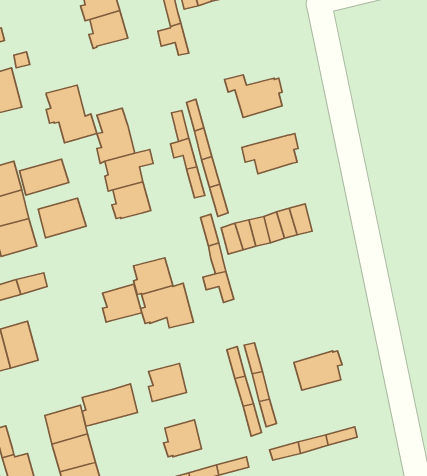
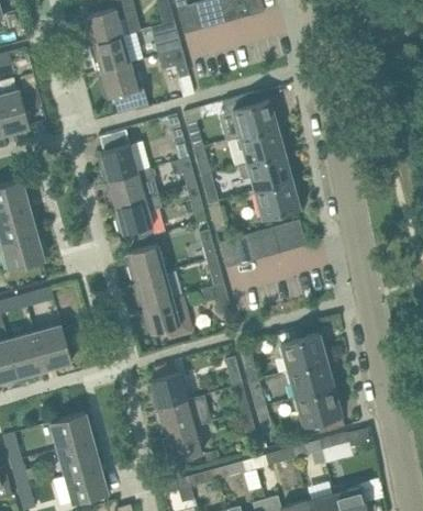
building: [46,85,97,143] -> [100,62,148,116]
building: none -> [240,126,285,164]
building: [20,159,69,195] -> none
building: none -> [254,179,300,219]
building: [38,198,86,238] -> none
building: [103,284,142,322] -> [127,244,165,280]
building: none -> [34,325,71,369]
building: none -> [280,333,326,371]
building: none -> [296,387,341,425]
building: [82,384,138,426] -> [157,395,210,435]

